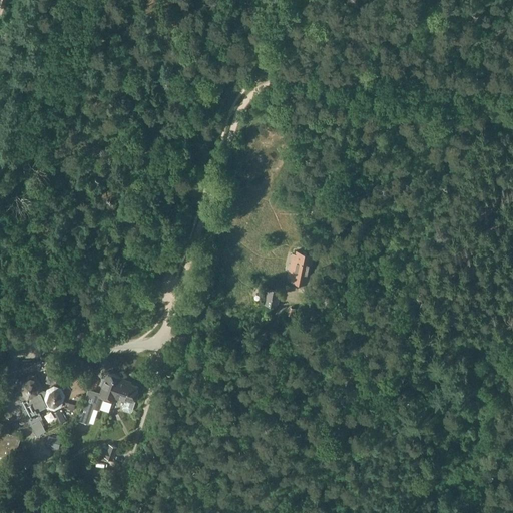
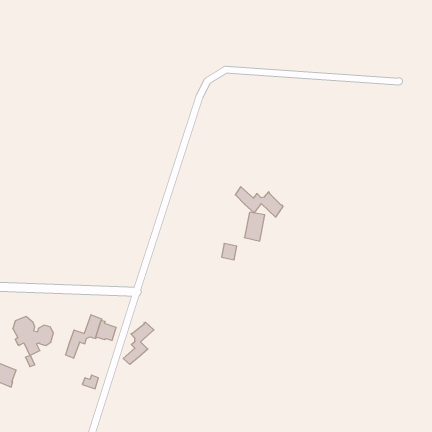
building: none -> [235,187,283,217]
building: none -> [123,322,154,364]

